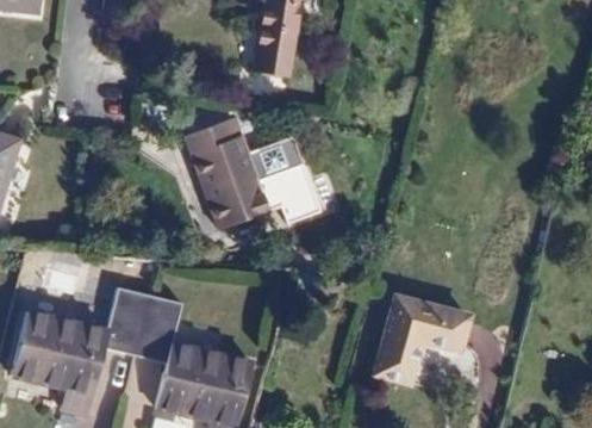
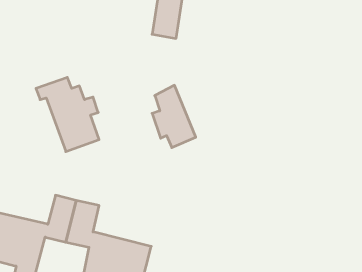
building: [179,123,267,227] -> [36,77,99,152]
building: [376,294,468,380] -> none

